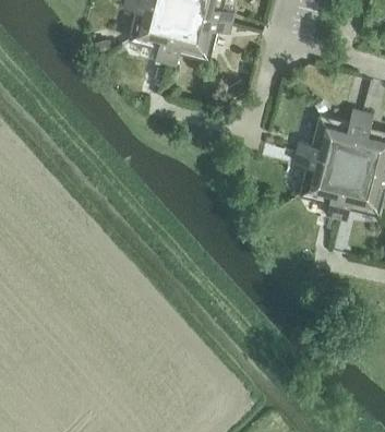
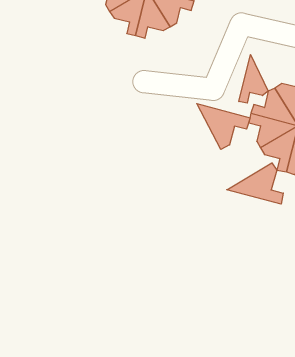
building: none -> [239,55,268,103]
building: none -> [197,104,250,149]
building: none -> [227,163,283,204]

